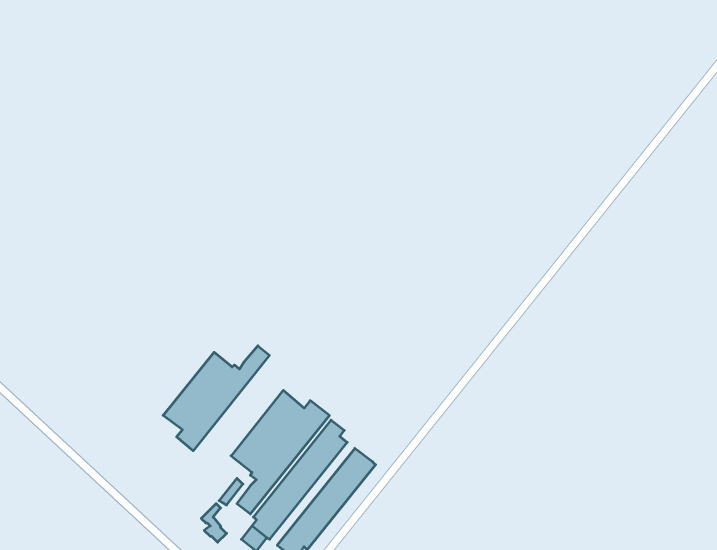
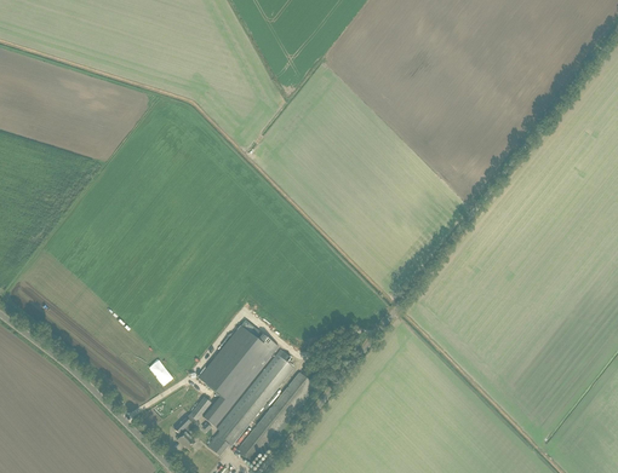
building: [163,346,269,451] -> none

